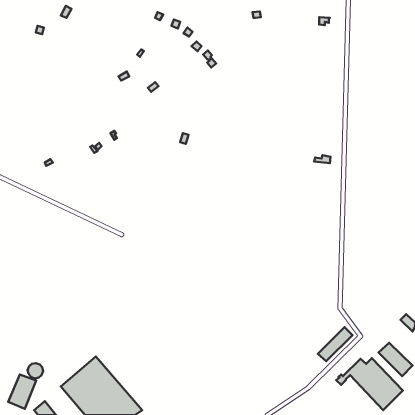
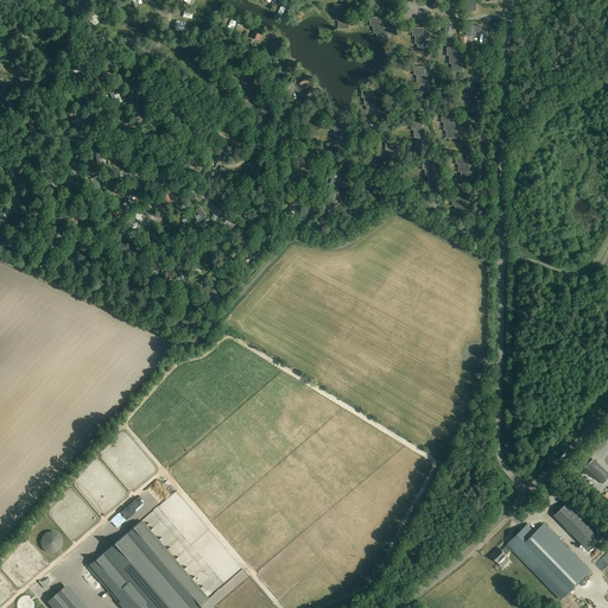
building: [318,327,353,361] -> none
building: [8,375,36,409] -> none

